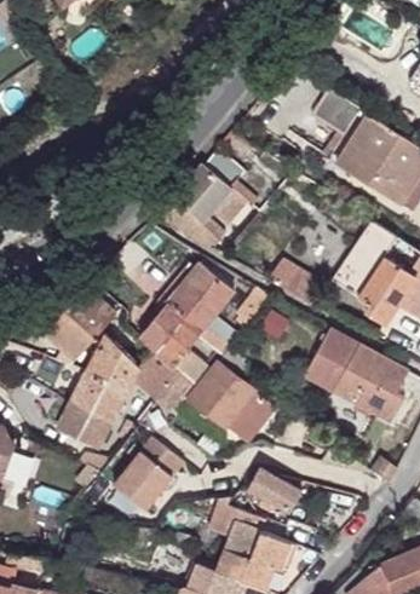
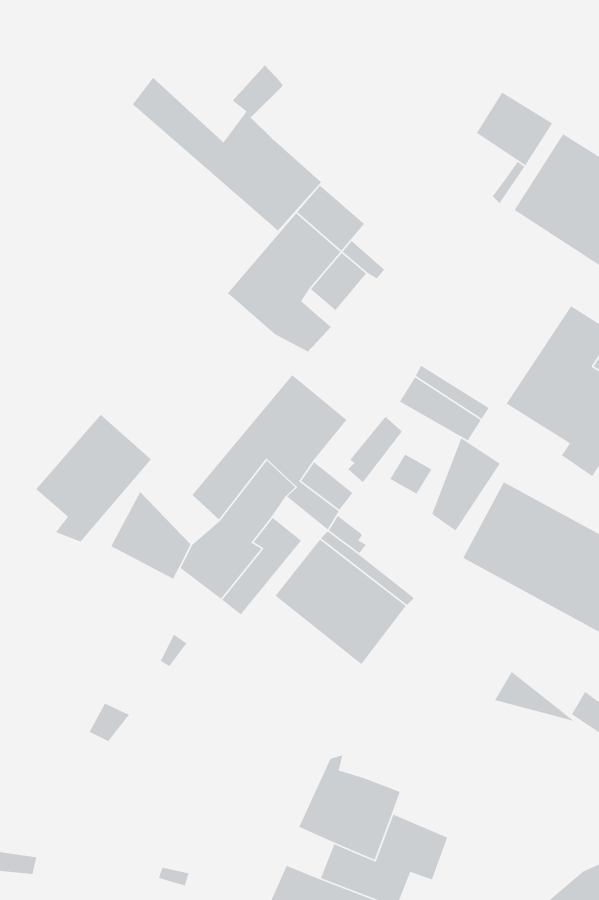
building: none -> [132,64,322,232]
building: none -> [431,437,501,532]
building: [59,368,128,449] -> none
building: [114,437,184,509] -> none
building: [248,467,303,513] -> none

